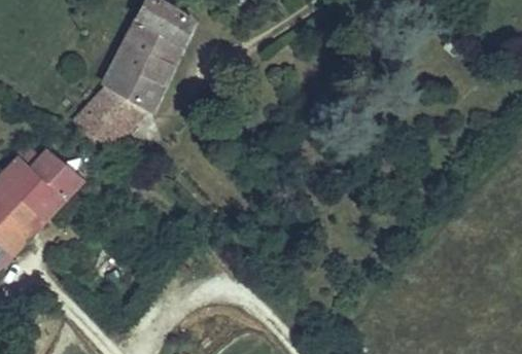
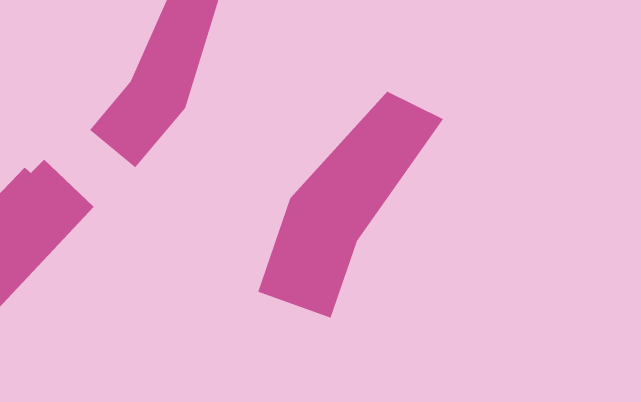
building: none -> [258,91,444,318]

